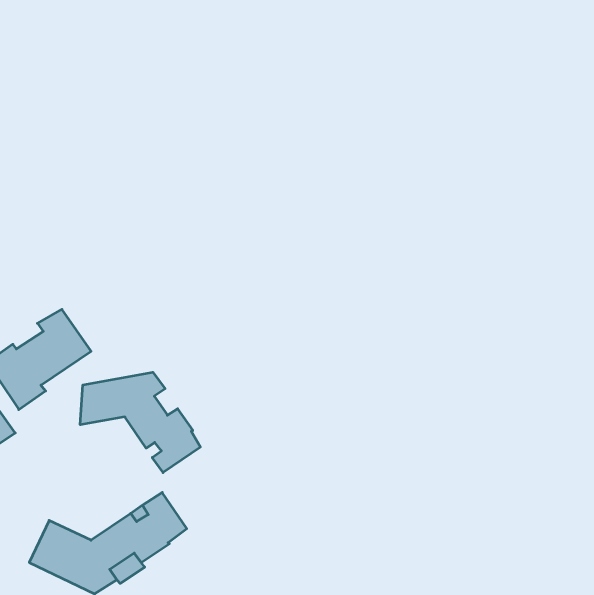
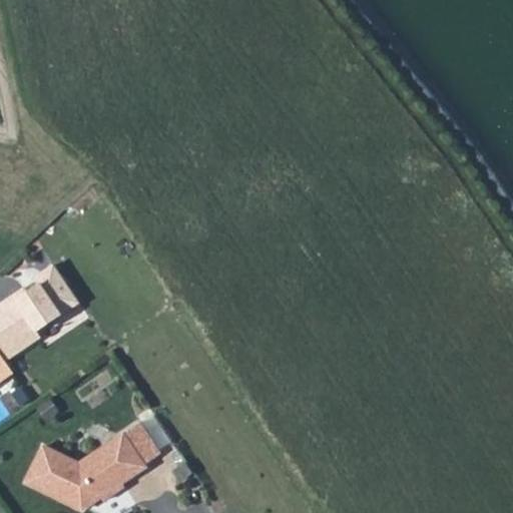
building: [80,372,200,473] -> none

